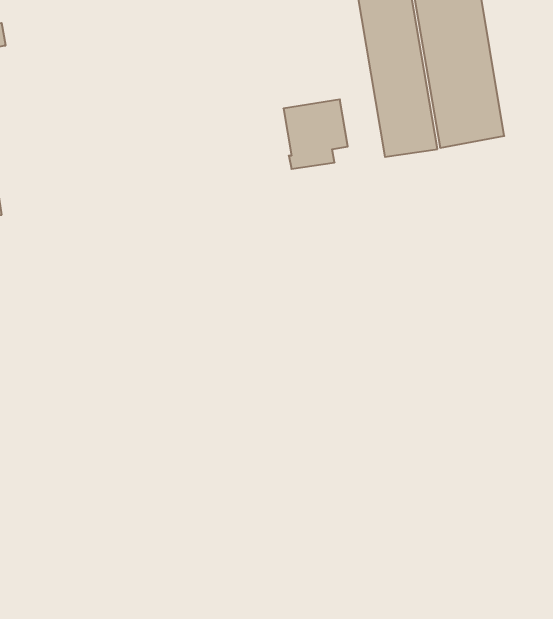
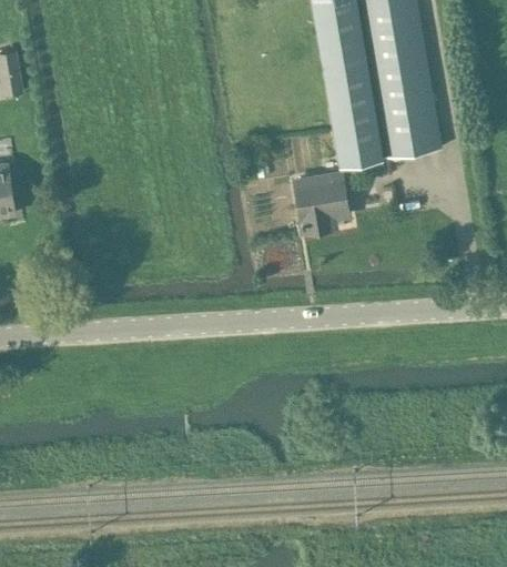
building: [283,99,348,169] -> [294,173,348,232]

